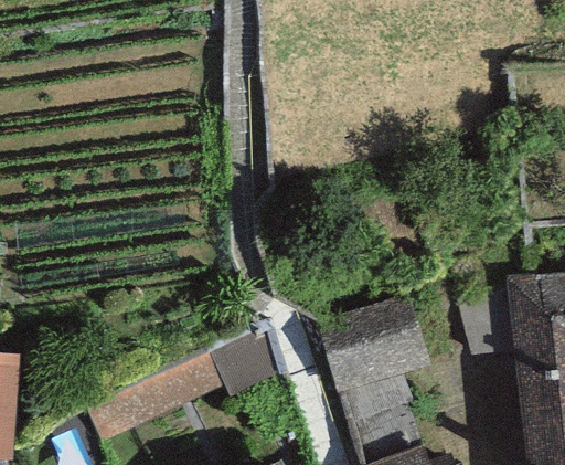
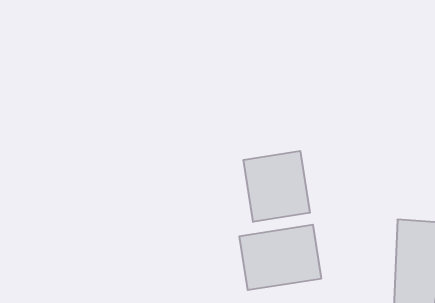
building: none -> [243,151,310,222]

